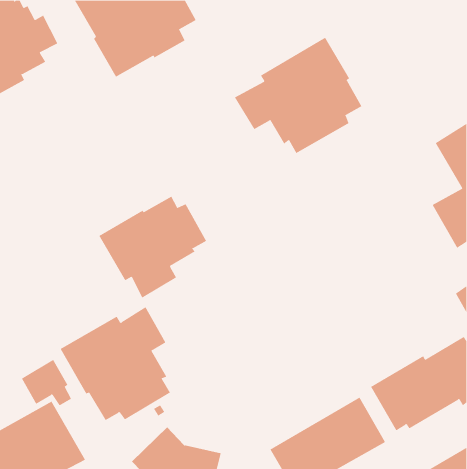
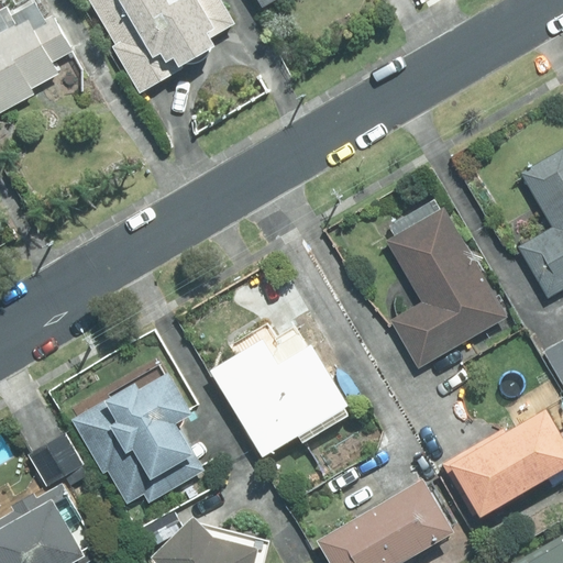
building: [234,37,362,154] -> none
building: none -> [385,198,508,368]
building: [99,196,207,298] -> none
building: none -> [213,325,354,455]

